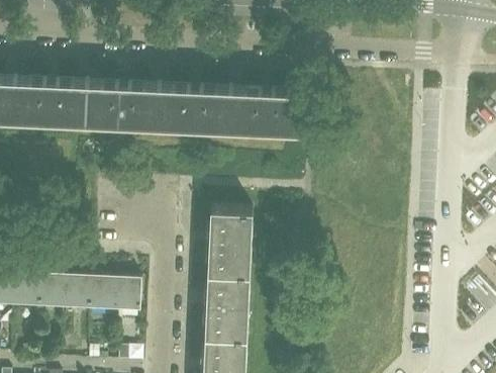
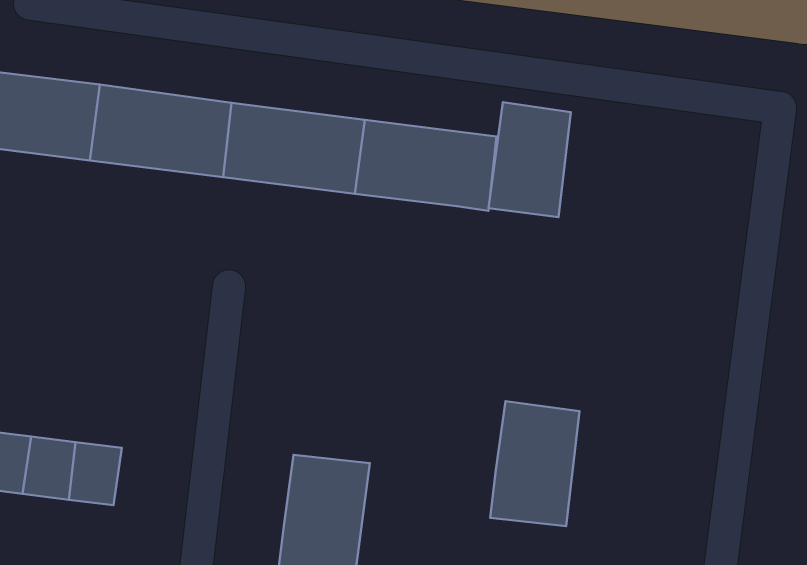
building: none -> [489,102,571,217]
building: [207,210,251,275] -> [490,401,580,526]
building: [112,278,139,311] -> none

